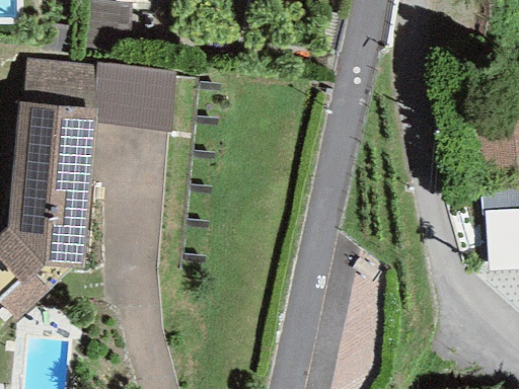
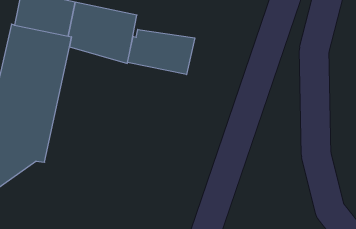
building: none -> [128,29,195,75]

